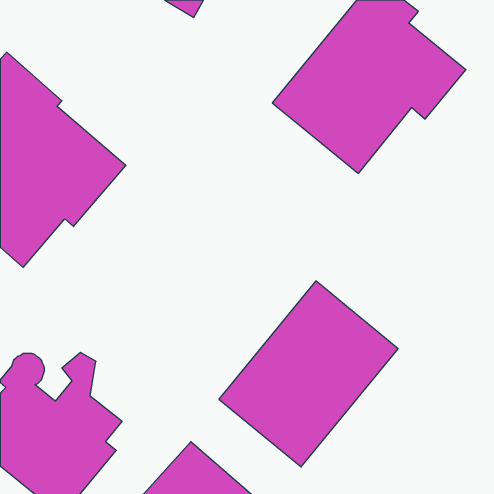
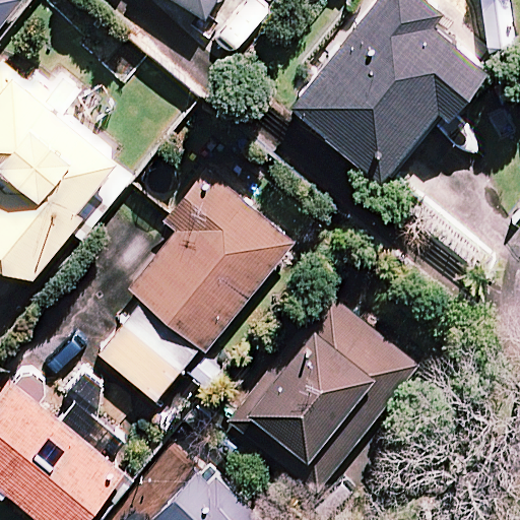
building: none -> [102,173,292,399]

